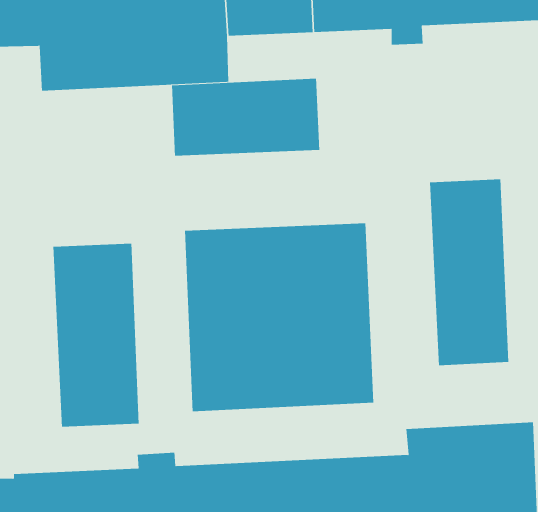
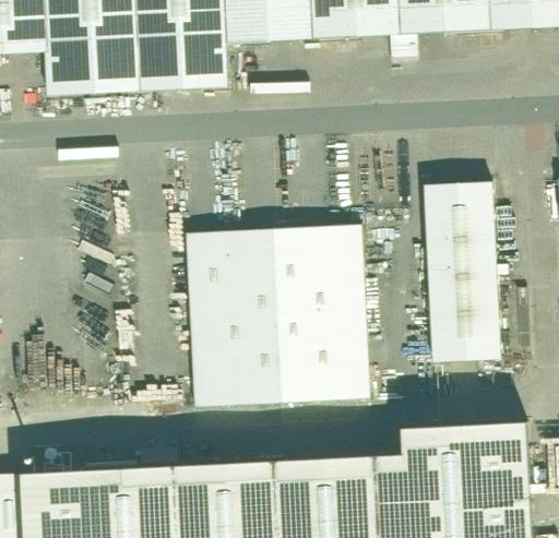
building: [171,78,320,156] -> none
building: [53,243,139,428] -> none

